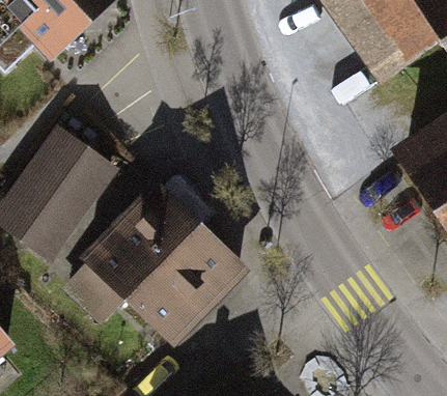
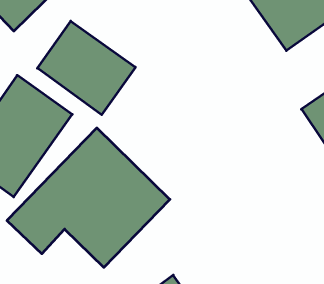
building: none -> [37,21,135,115]

